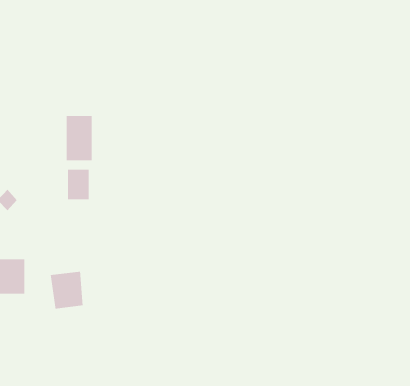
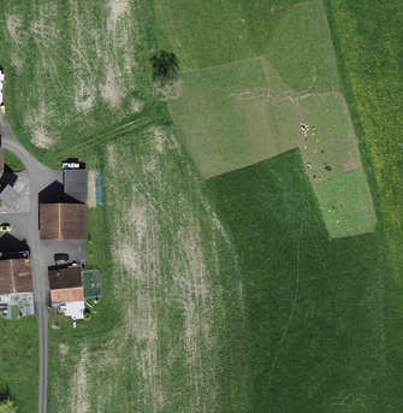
building: [66,115,92,161] -> none
building: none -> [49,203,81,236]

